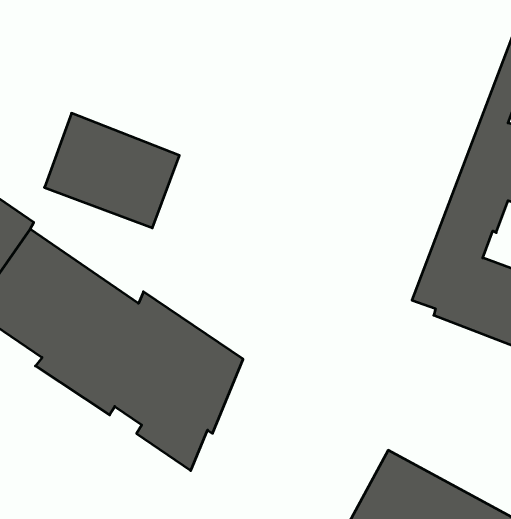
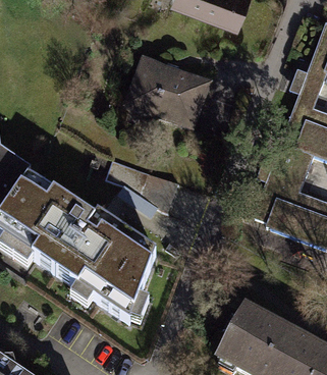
building: [44,113,179,228] -> [124,54,206,123]

